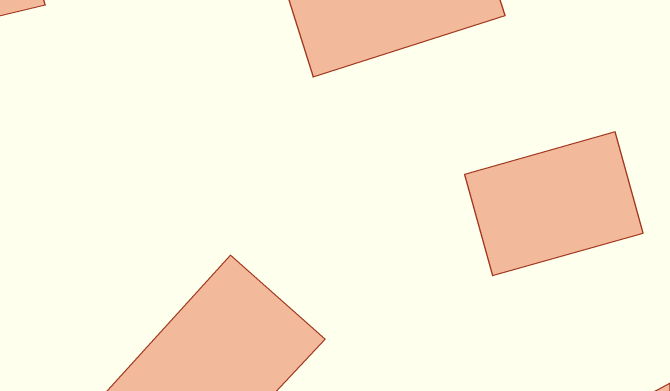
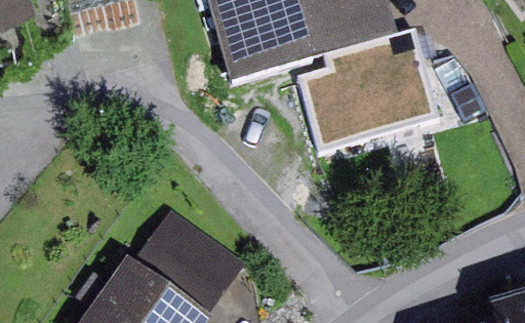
building: [465,132,643,276] -> [291,38,429,149]

